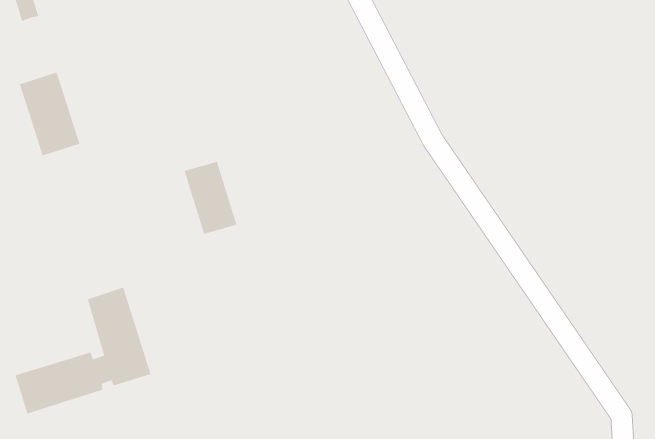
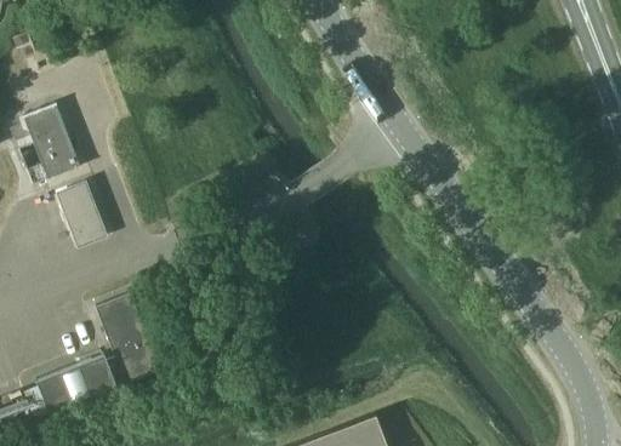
building: [183,161,238,235] -> [57,182,109,250]

